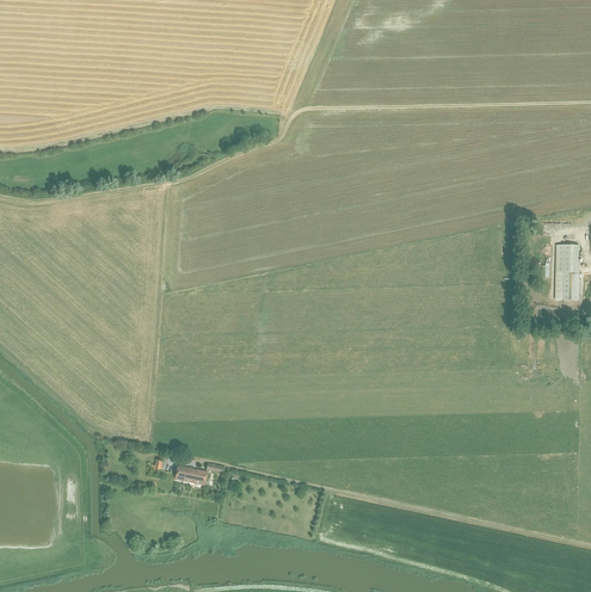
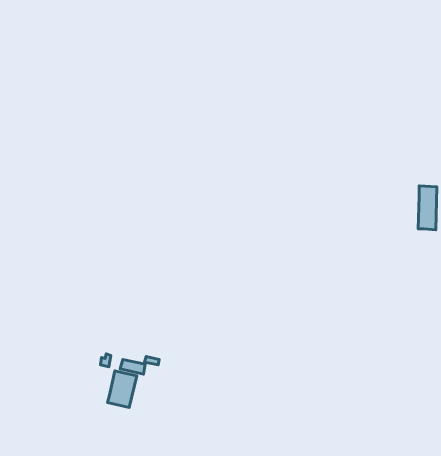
building: none -> [107,371,137,407]

